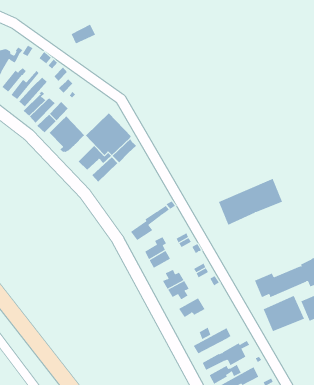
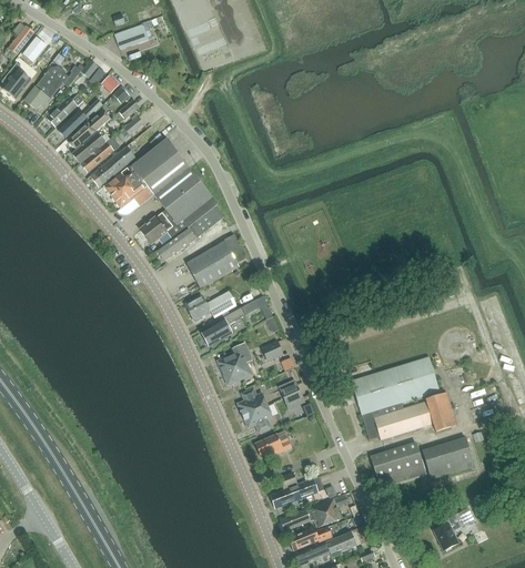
building: [70,24,96,44] -> [115,23,150,49]
building: none -> [132,139,190,195]
building: none -> [186,241,239,287]
building: [218,178,283,225] -> [353,357,441,415]
building: none -> [185,290,238,320]

